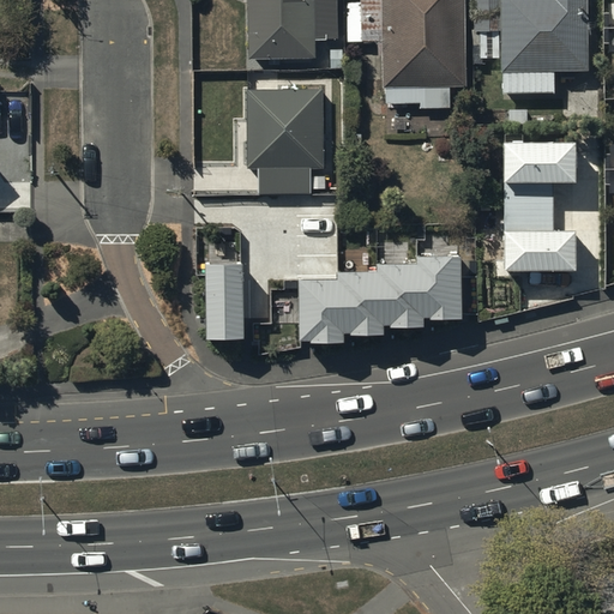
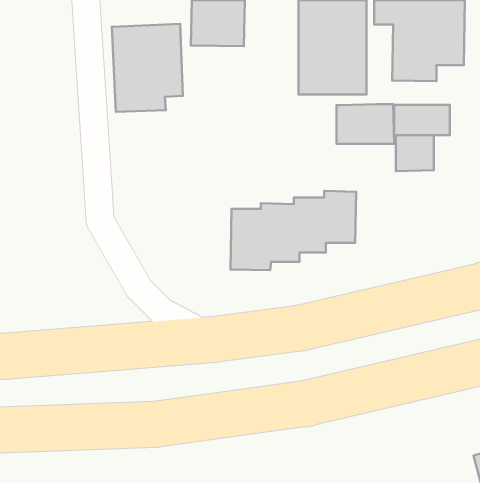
building: [248,85,338,197] -> [112,24,183,112]
building: [502,216,576,266] -> [337,104,394,144]
building: [204,247,243,335] -> none

